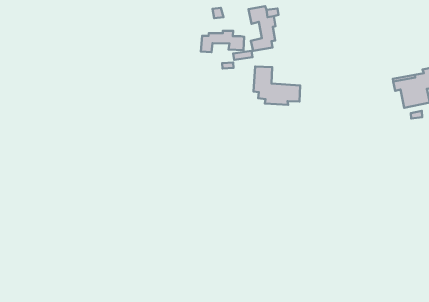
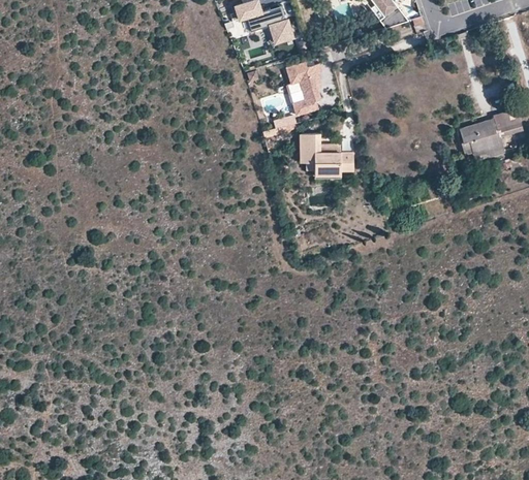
building: [201,31,244,52] -> none

